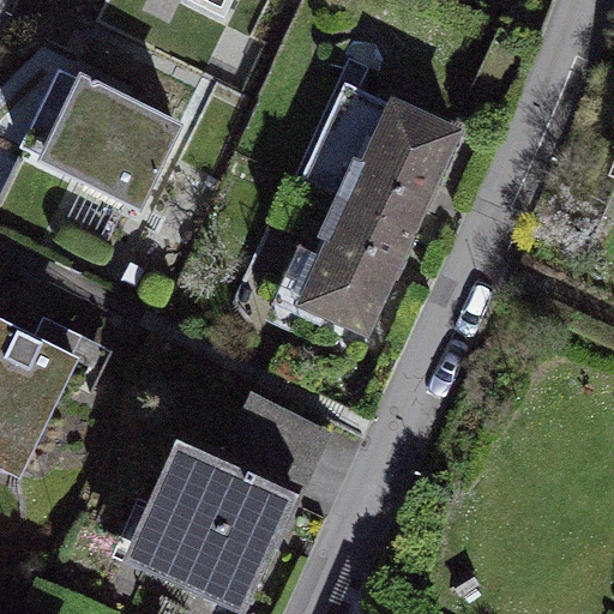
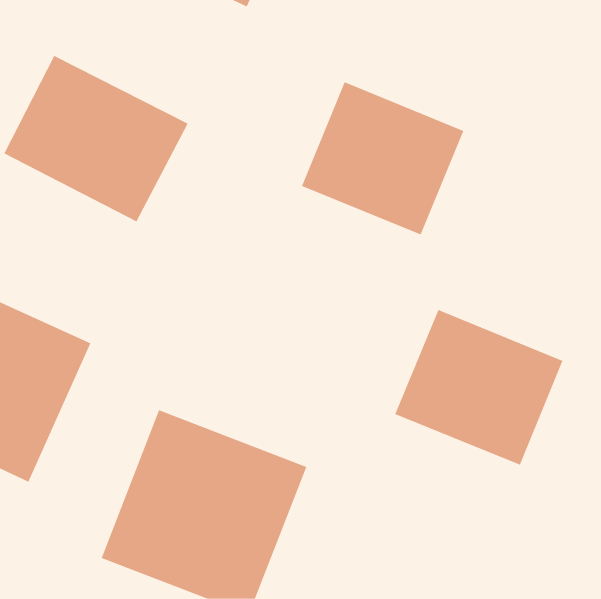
building: [258,186,421,339] -> none
building: none -> [395,309,563,465]

